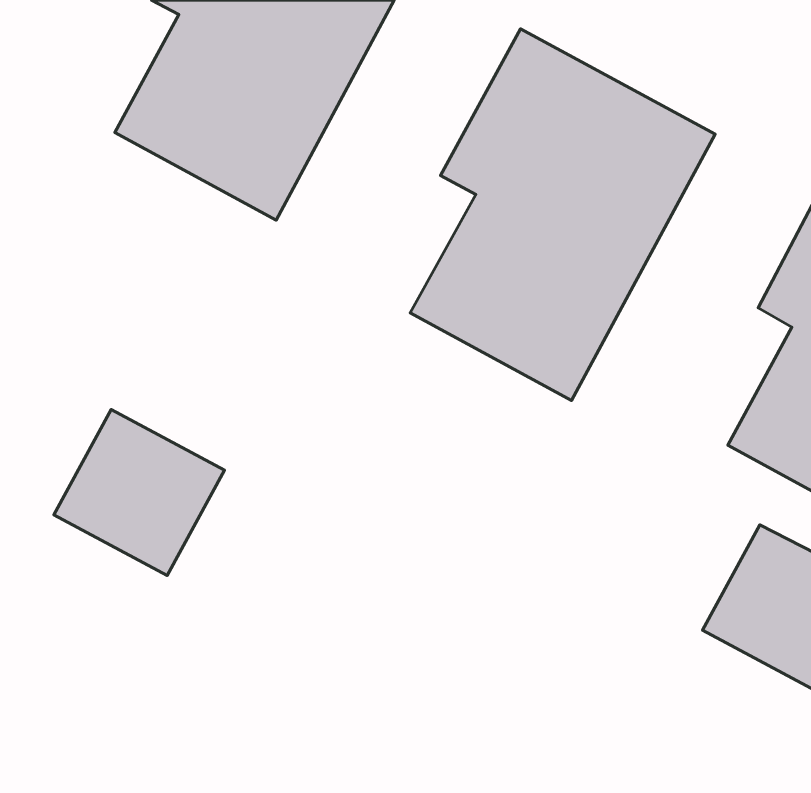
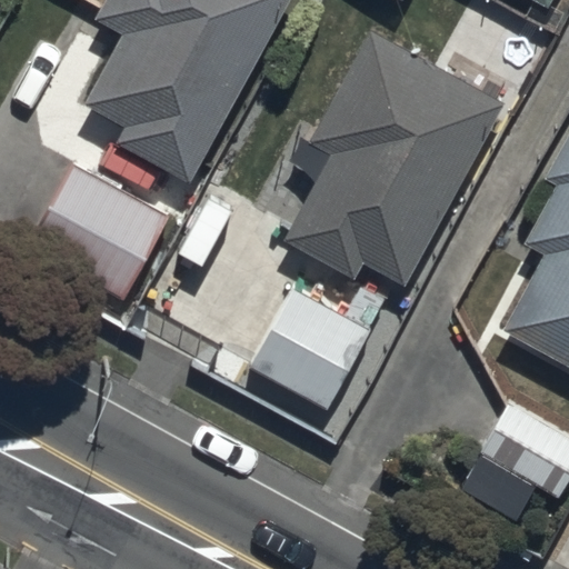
building: none -> [249,287,367,403]
building: [54,409,225,575] -> [39,177,158,292]

